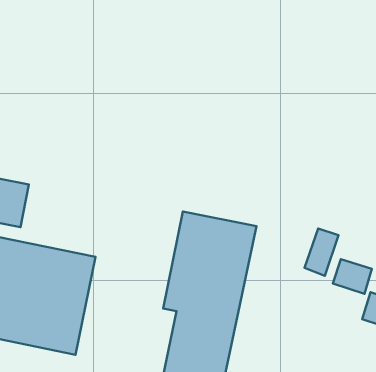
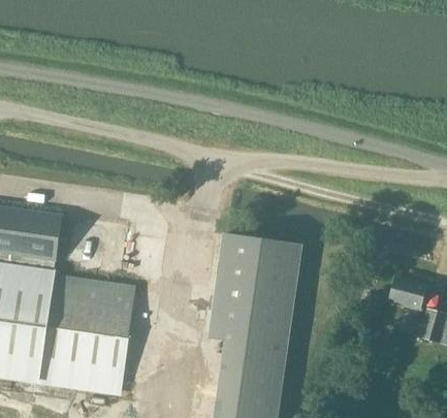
building: [305,229,338,276] -> none

